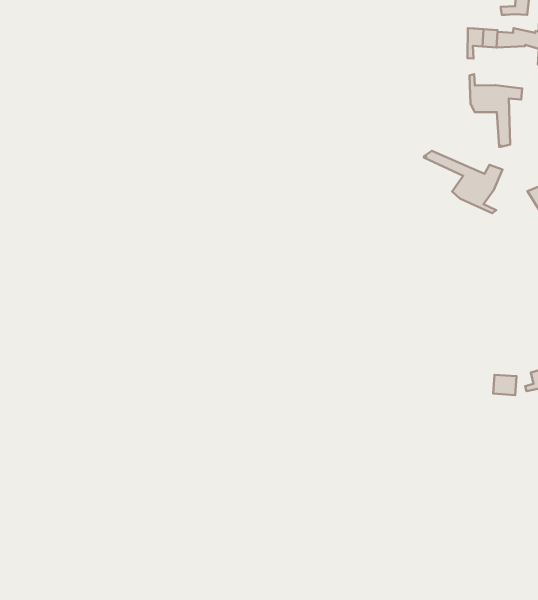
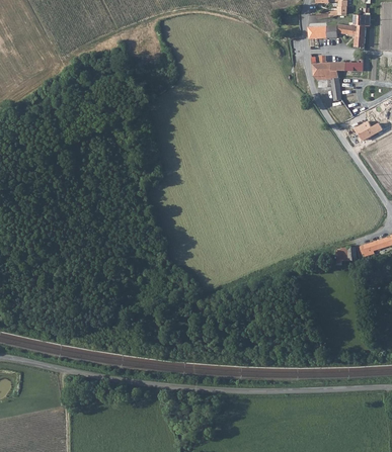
building: [424,151,503,213] -> none

